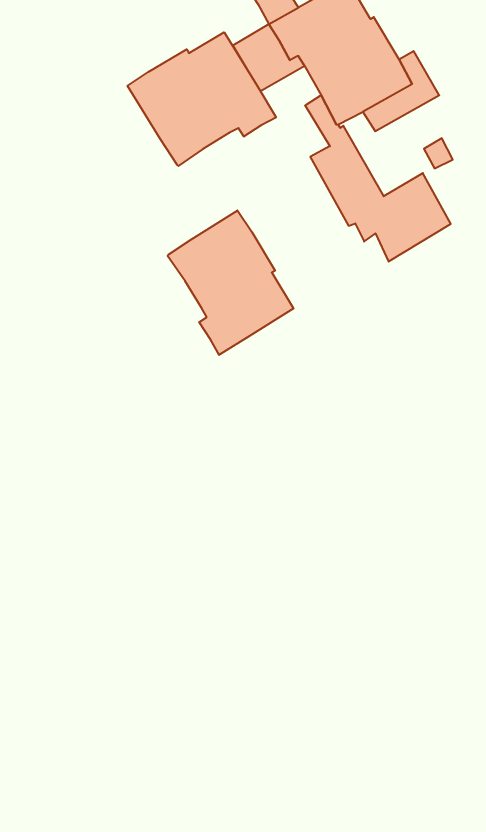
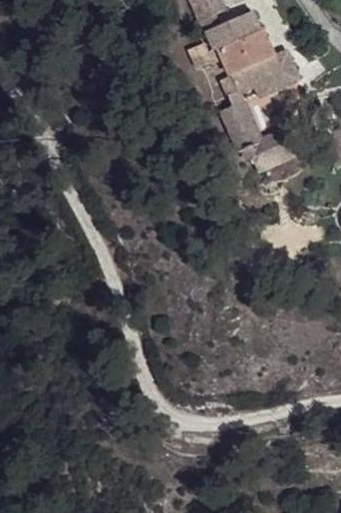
building: [128,32,276,166] -> none
building: [168,210,293,355] -> none

